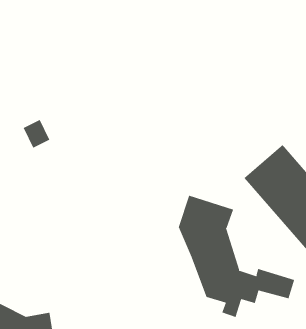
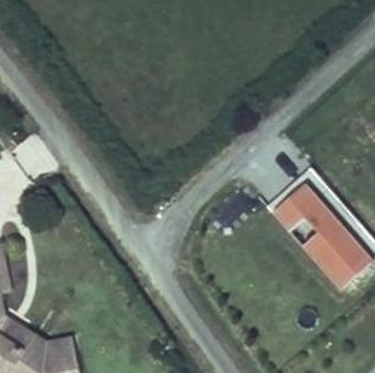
building: [178,195,295,318] -> none

